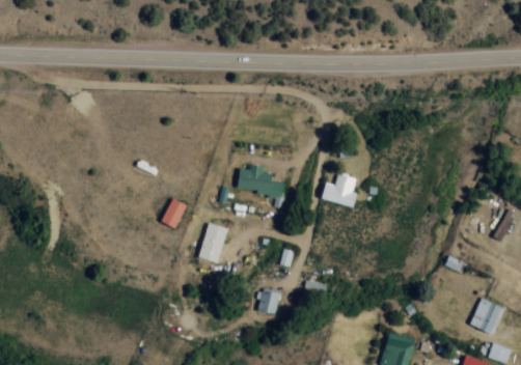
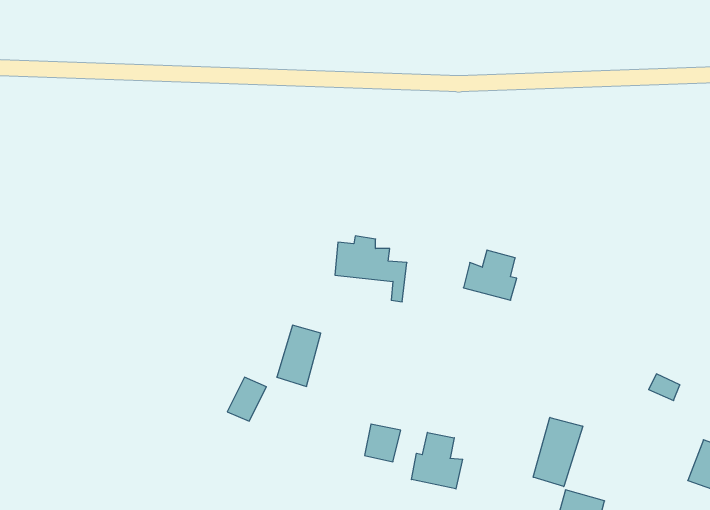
building: [161,198,187,227] -> [227,377,266,421]
building: none -> [533,417,583,487]
building: none -> [411,432,463,489]

